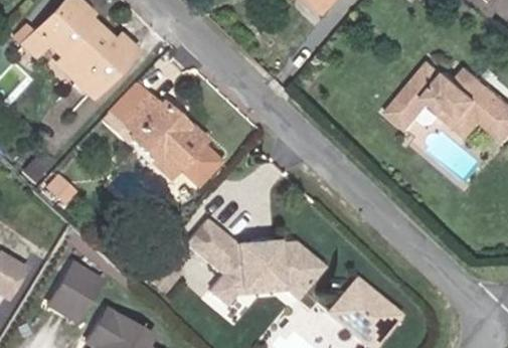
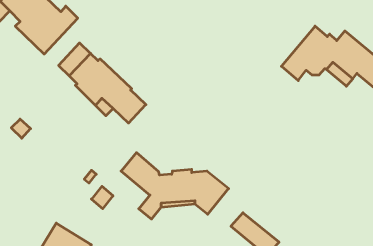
building: [47,262,100,320] -> none
building: [339,277,399,332] -> none

